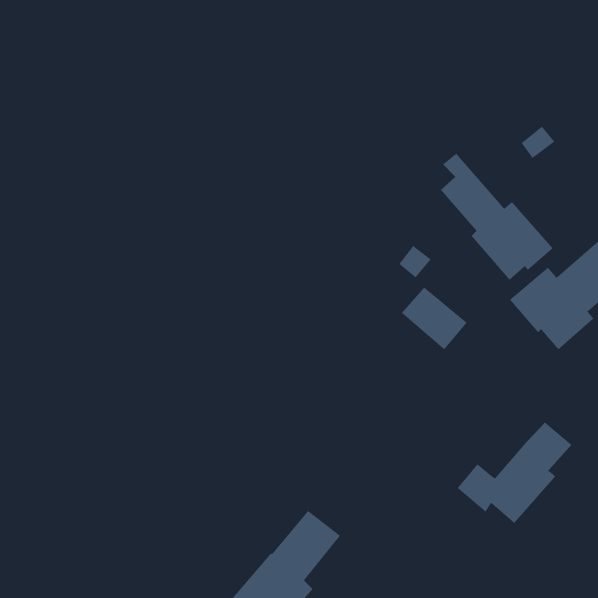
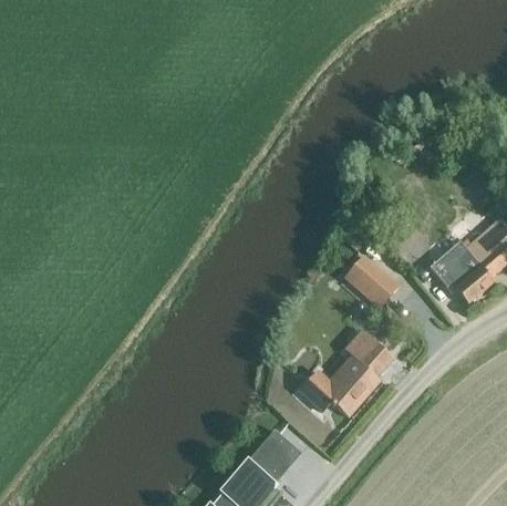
building: [440,153,554,281] -> none
building: [457,422,572,524] -> [301,337,390,415]

